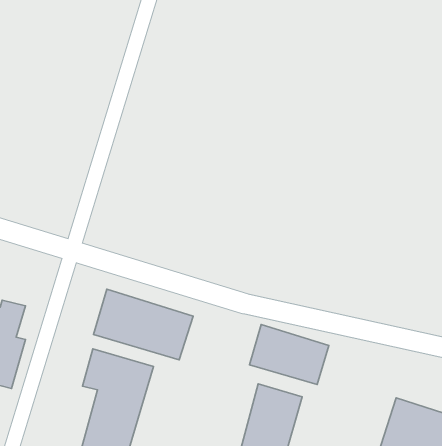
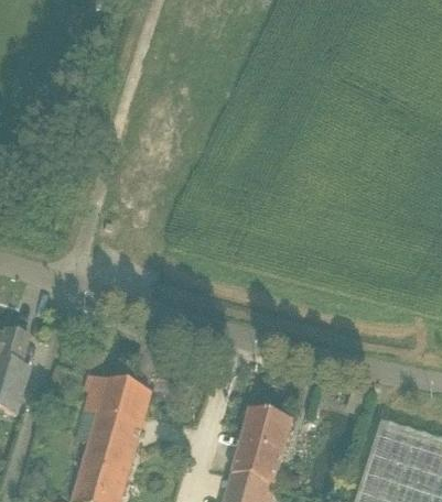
building: [93,289,193,360] -> none
building: [250,325,329,384] -> none

